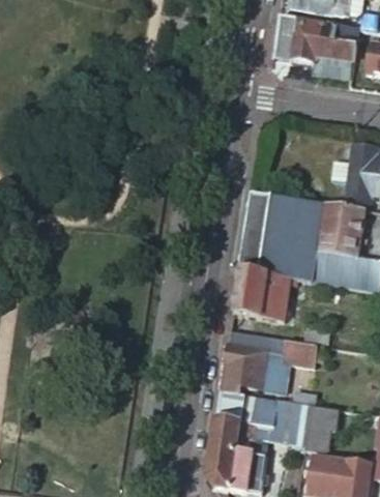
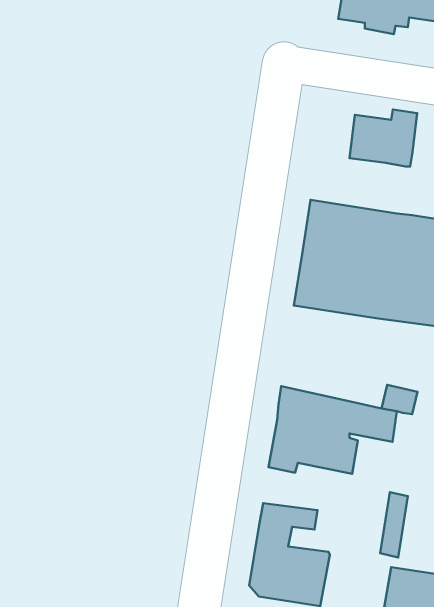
building: none -> [349,110,417,167]
building: [233,270,300,320] -> none
building: [216,390,299,456] -> none

